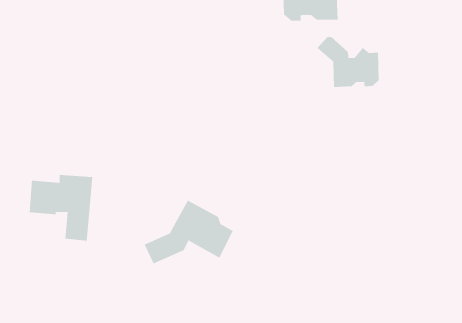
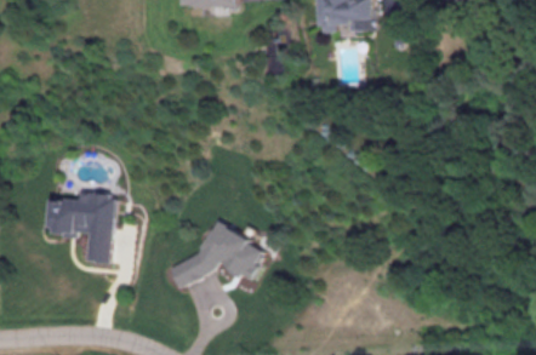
building: [316,36,379,88] -> none

